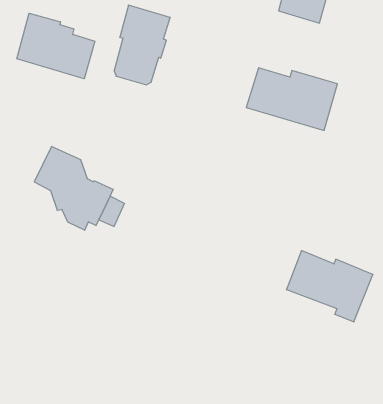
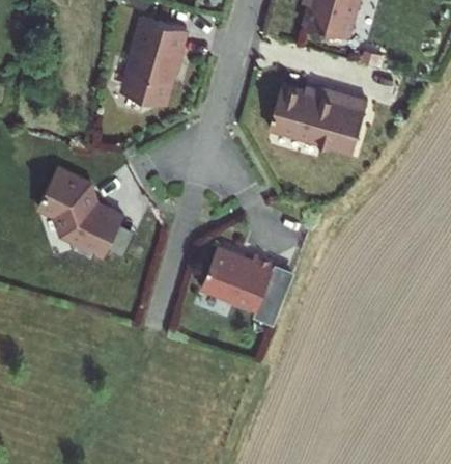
building: [17,13,95,79] -> none
building: [286,251,373,322] -> [201,248,295,326]

